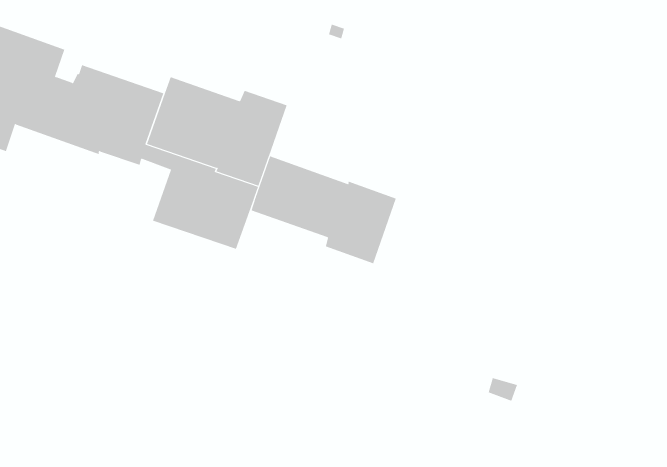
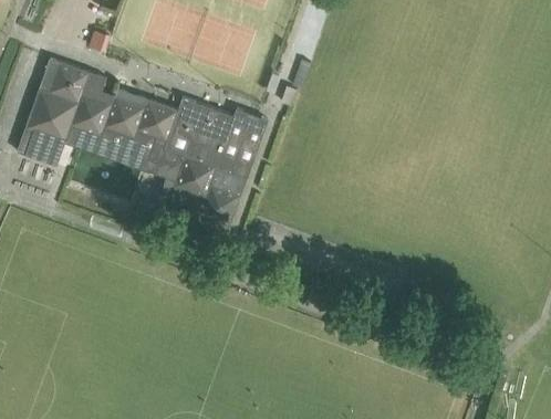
building: [251,156,397,264] -> none

